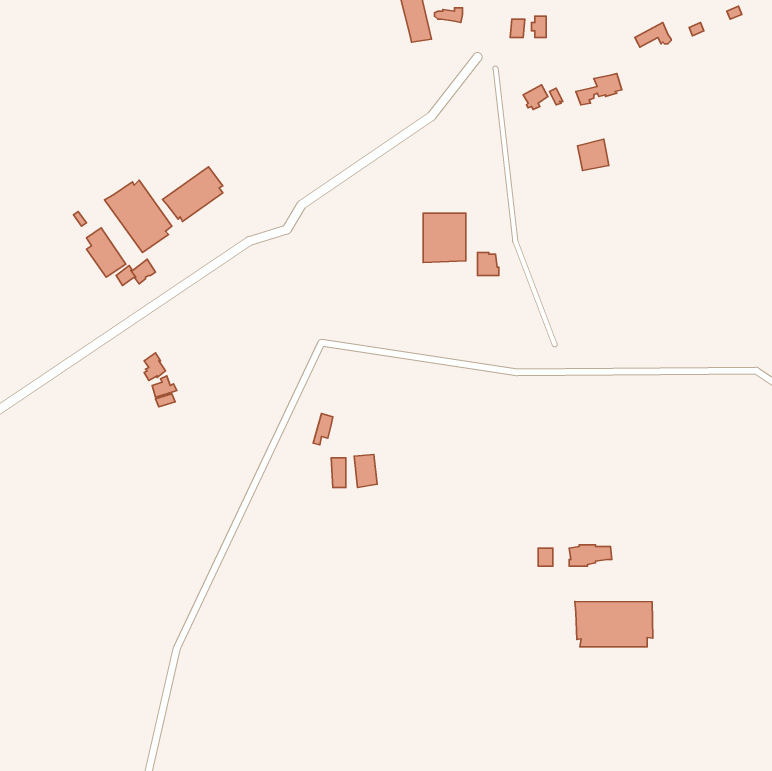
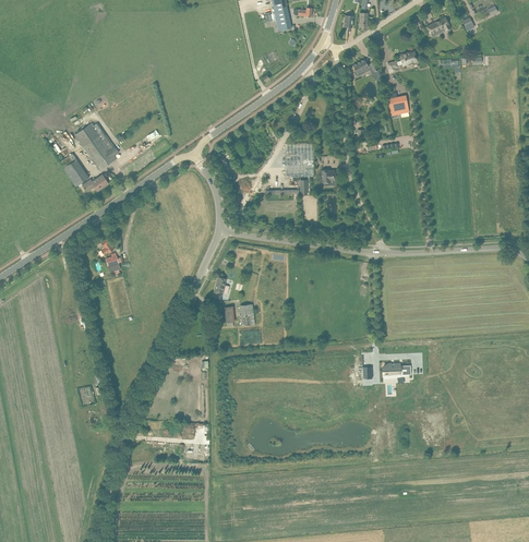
building: [162,167,223,222] -> none
building: [575,602,653,647] -> none

